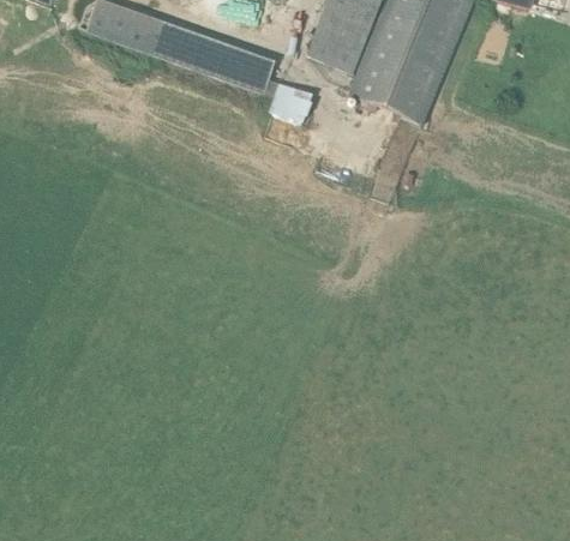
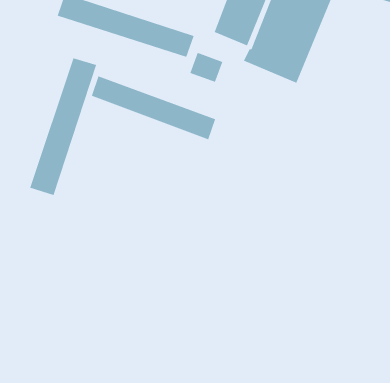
building: none -> [29,57,97,196]
building: none -> [91,76,216,140]

